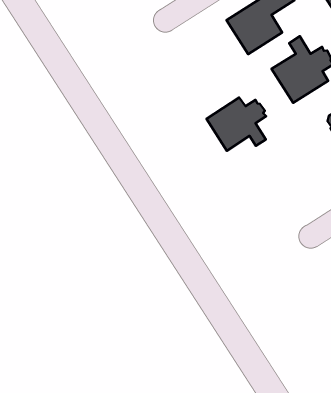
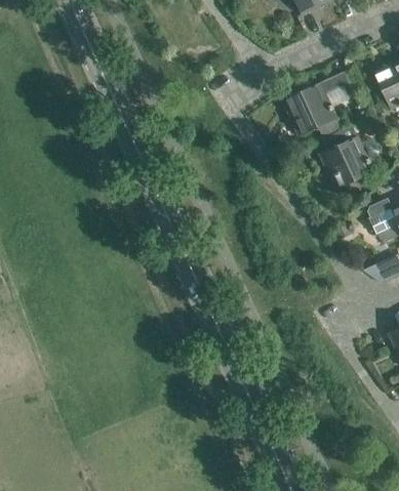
building: [207,98,266,151] -> none

